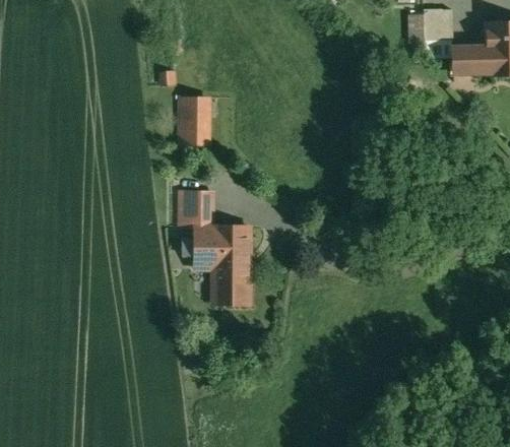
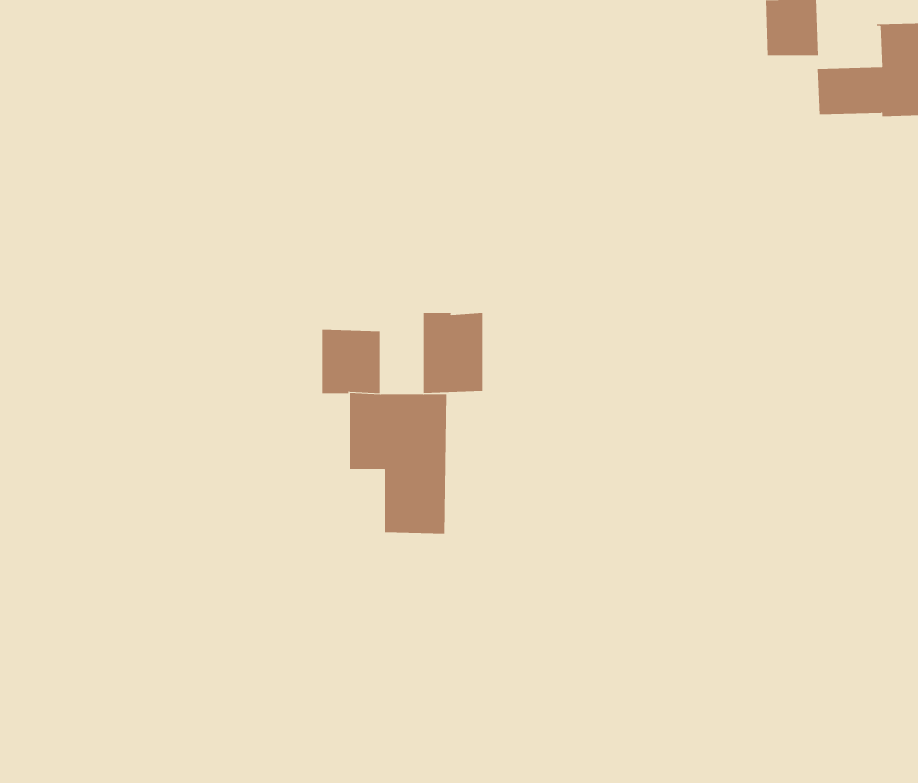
building: [179,95,213,144] -> none
building: none -> [423,312,483,394]

